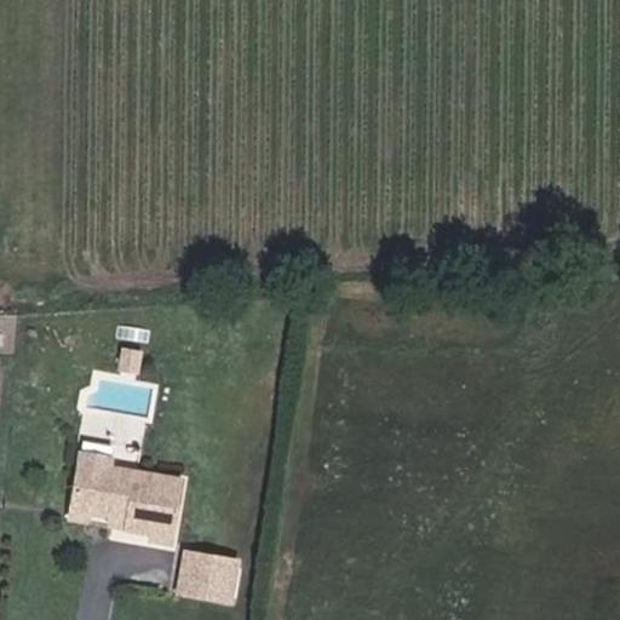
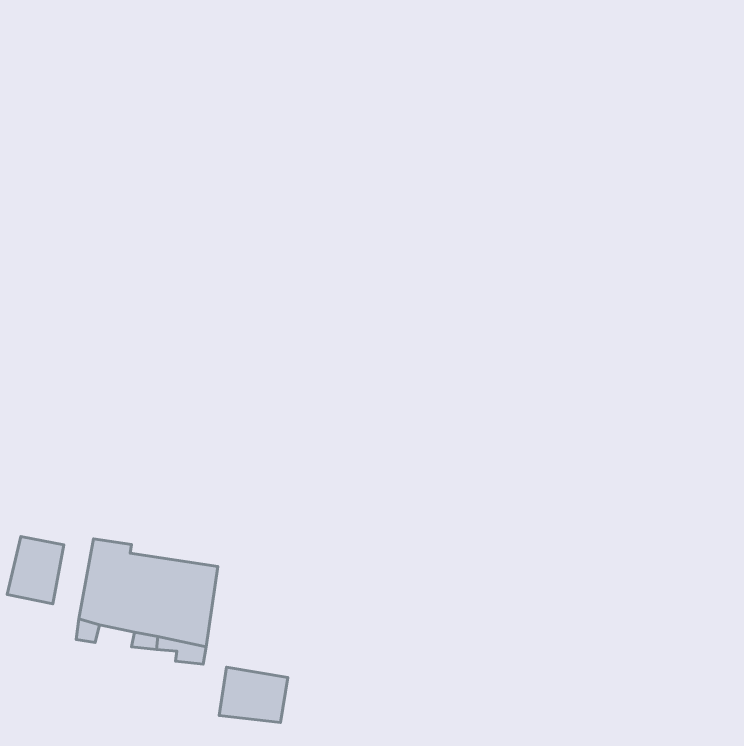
building: none -> [7,537,64,604]

